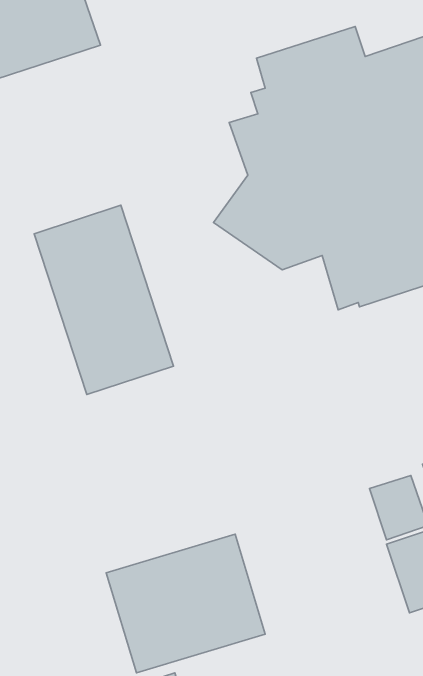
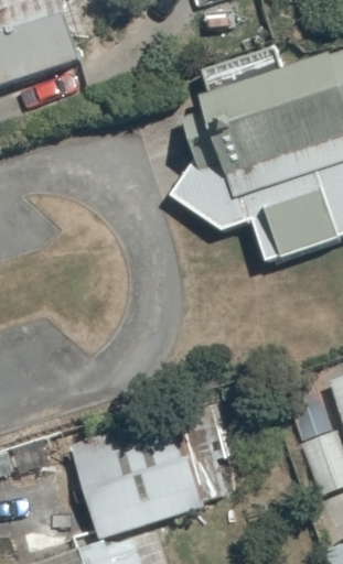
building: [34,205,174,394] -> none

